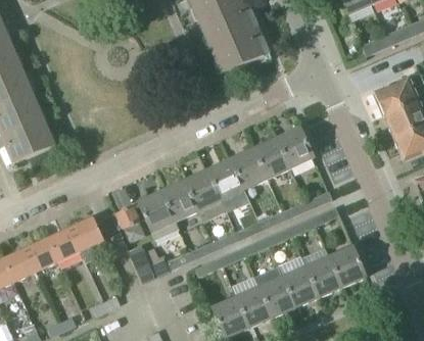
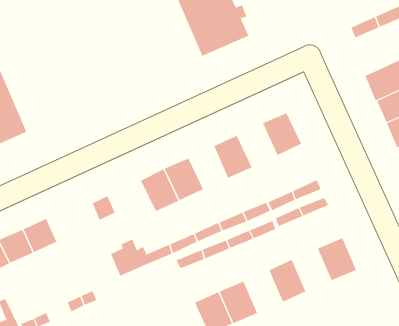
building: [254,137,292,179] -> none
building: [208,158,245,199] -> none
building: [138,191,178,235] -> none
building: [74,215,106,258] -> none
building: [307,255,343,296] -> none
building: [256,266,297,316] -> none

